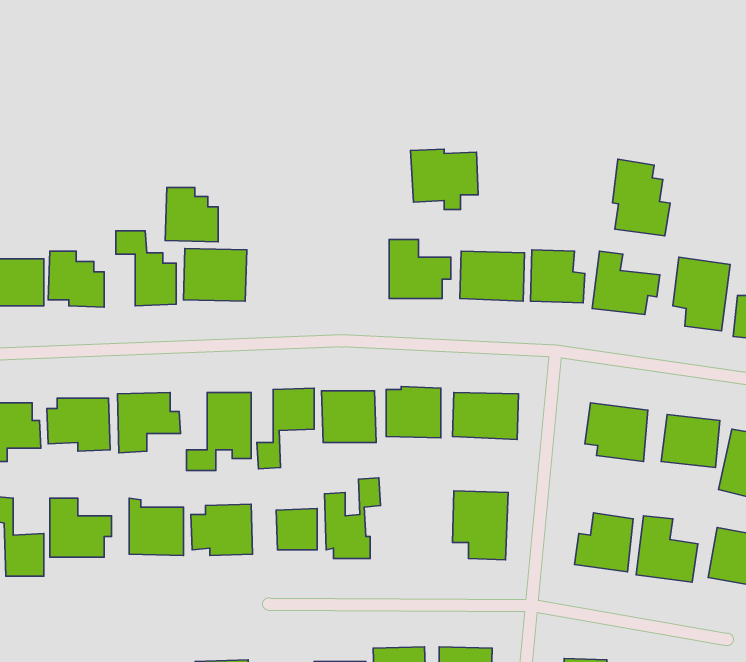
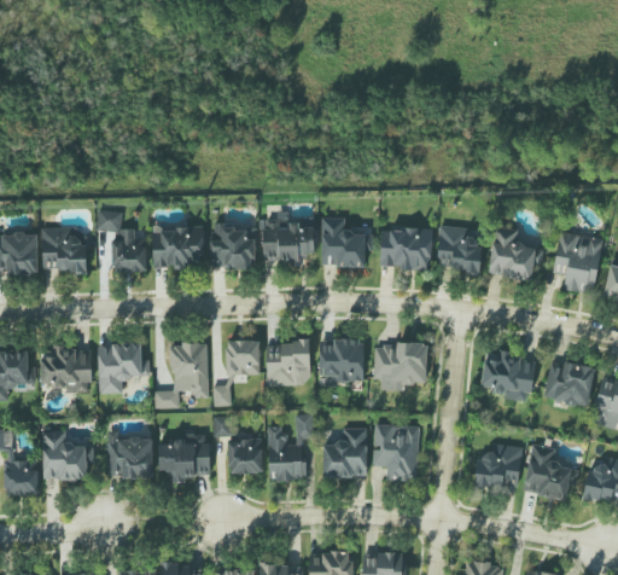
building: [410,149,478,209] -> [260,216,315,266]
building: [613,159,670,236] -> none
building: [165,188,218,242] -> [210,222,253,267]
building: none -> [322,428,366,477]

